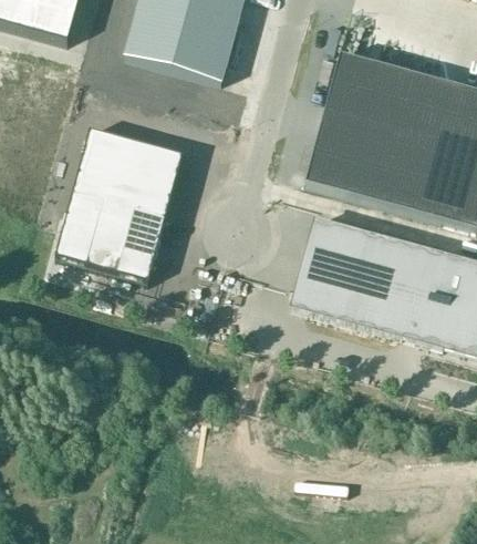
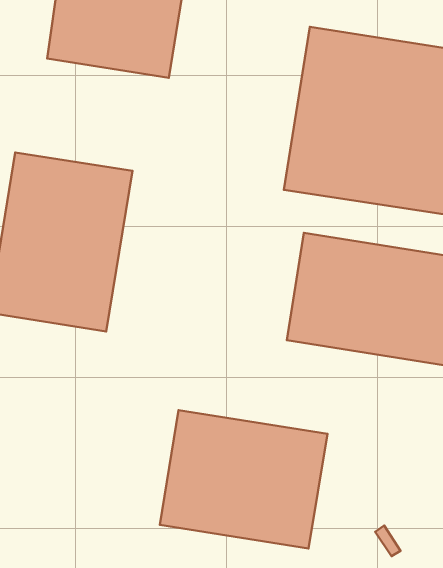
building: none -> [160,410,327,549]

